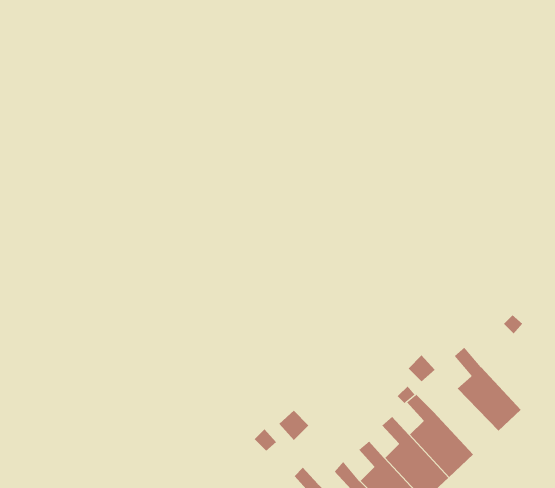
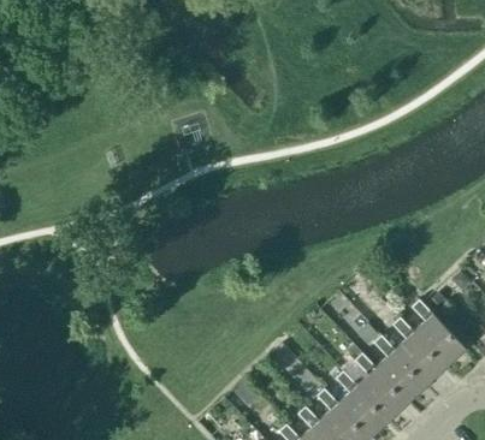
building: none -> [413,299,466,365]
building: none -> [375,334,428,400]

